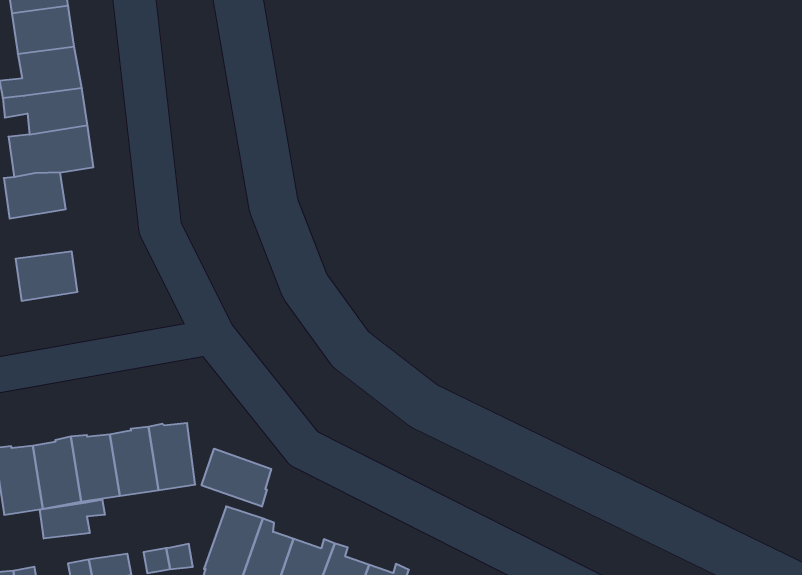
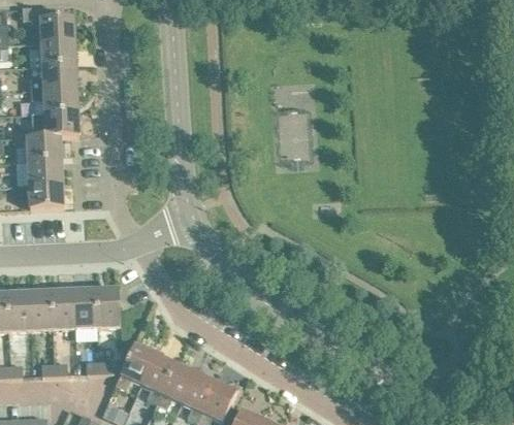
building: none -> [27,158,61,184]
building: [202,449,271,507] -> none
building: [40,500,105,539] -> none

